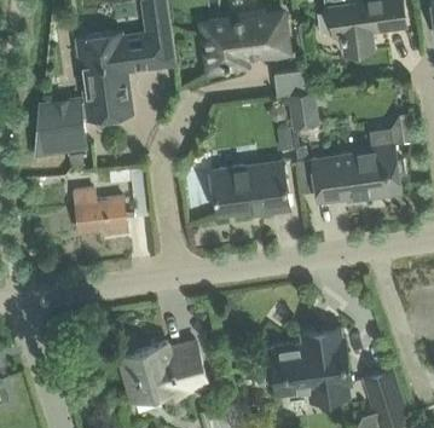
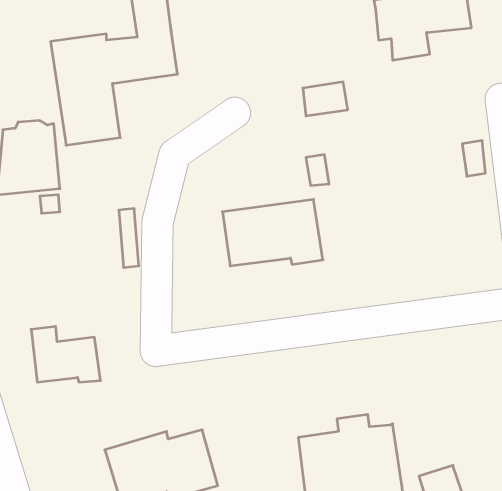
building: [202,12,289,71] -> none
building: [289,92,319,128] -> none
building: [311,131,403,202] -> none
building: [74,190,128,233] -> [31,326,101,382]

